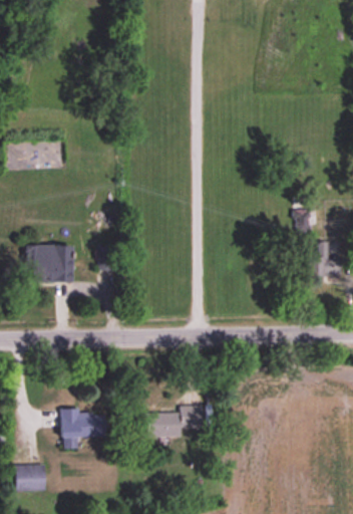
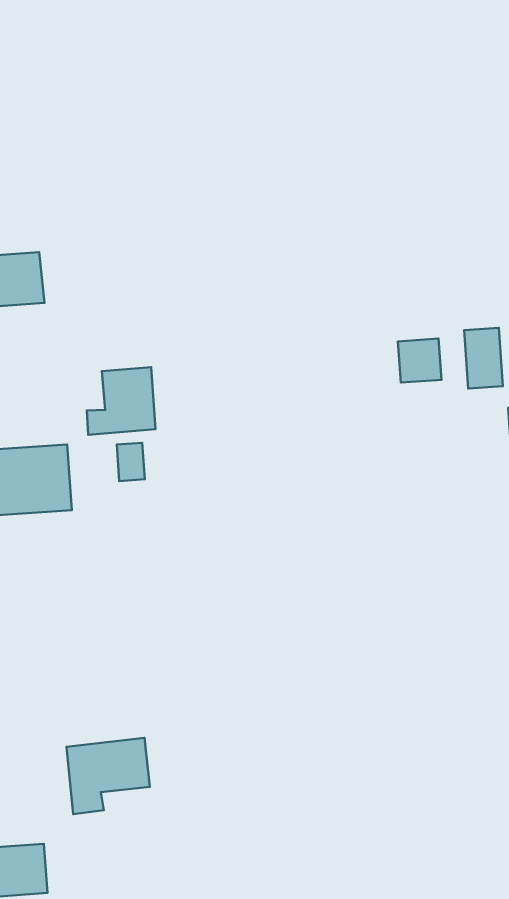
building: none -> [398,339,441,383]
building: none -> [87,367,156,435]
building: [145,407,204,437] -> none

